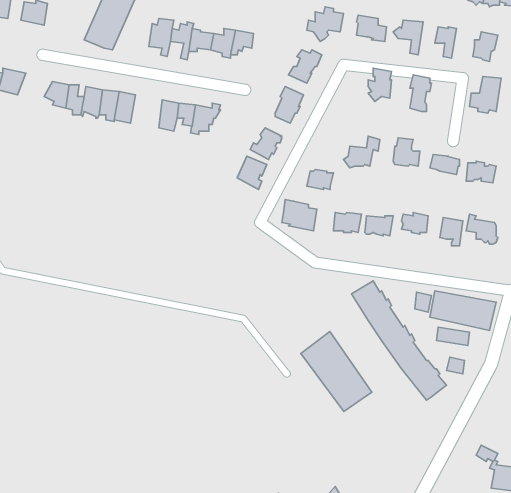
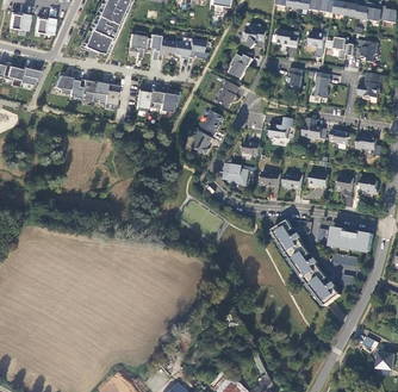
building: [301,332,372,411] -> none

